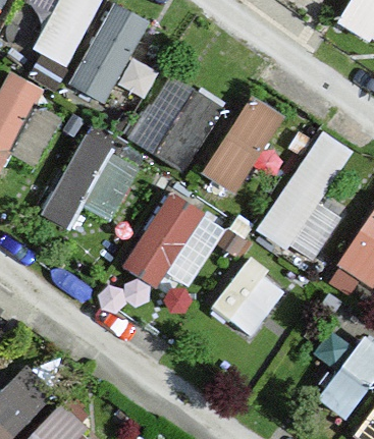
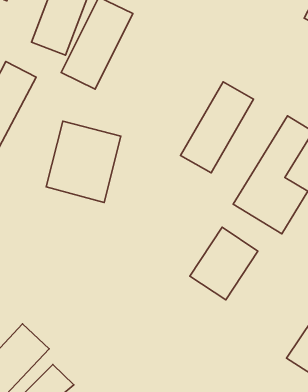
building: [131,72,224,169] -> none
building: [129,189,226,294] -> none

